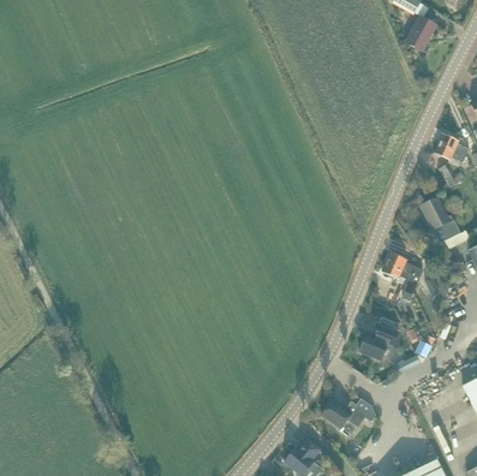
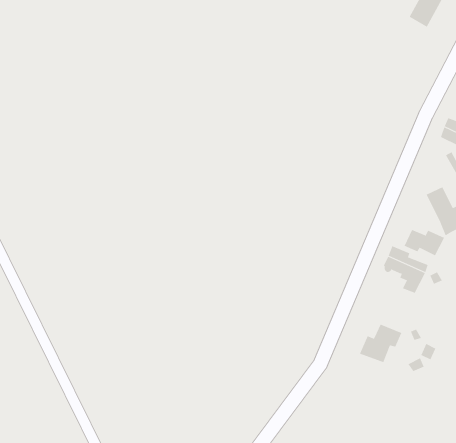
building: none -> [404,229,445,256]
building: [321,399,374,428] -> none

